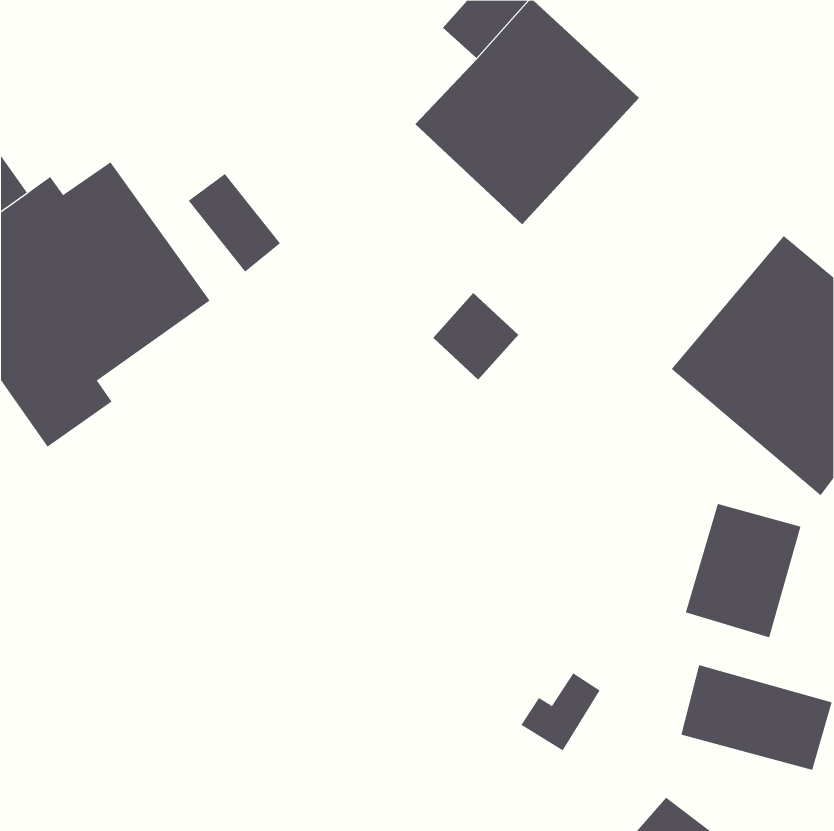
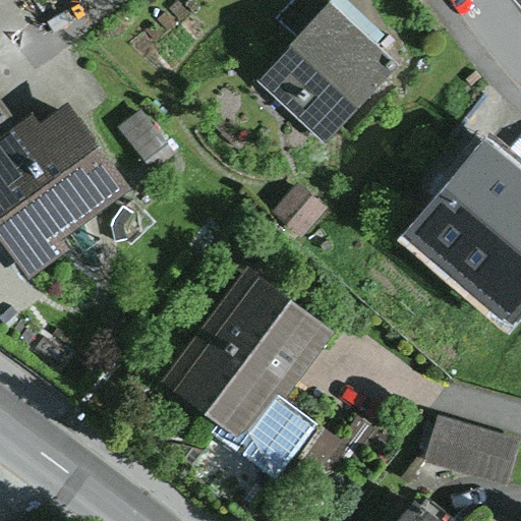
building: none -> [165,270,332,482]
building: [685,503,801,638] -> none

